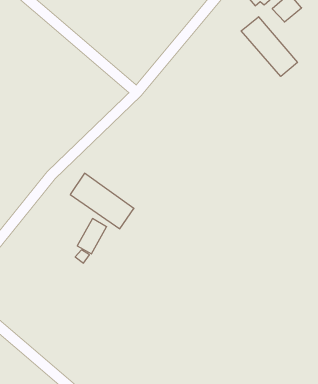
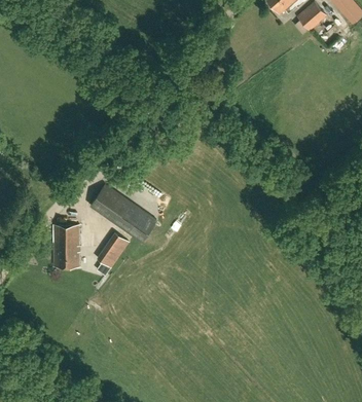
building: [241,17,297,76] -> none
building: none -> [53,226,80,267]

